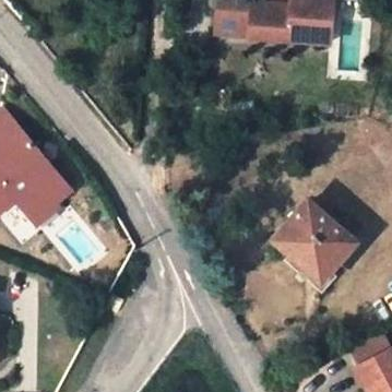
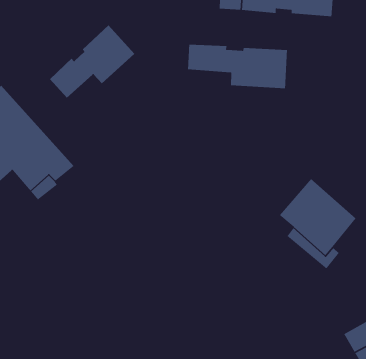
building: none -> [49,25,135,98]
building: none -> [187,44,288,89]

